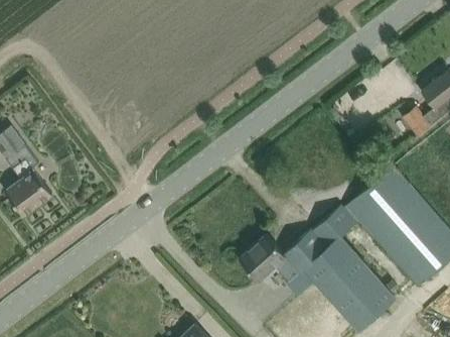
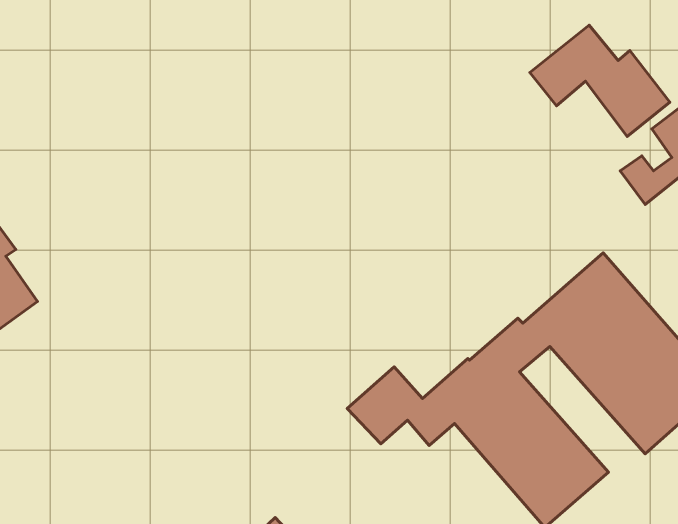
building: none -> [530,25,670,137]

